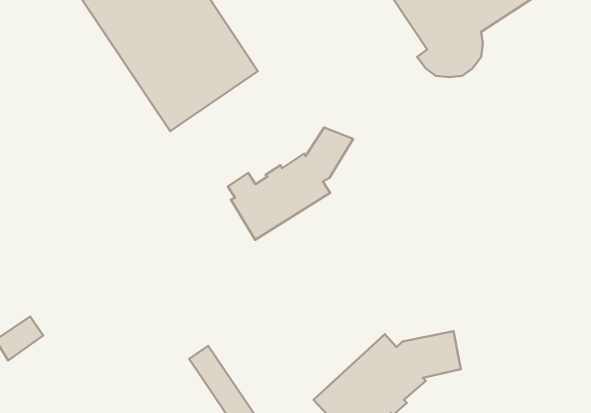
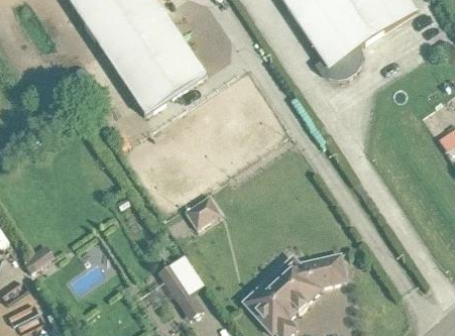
building: [228,127,353,240] -> none
building: none -> [186,195,222,228]

